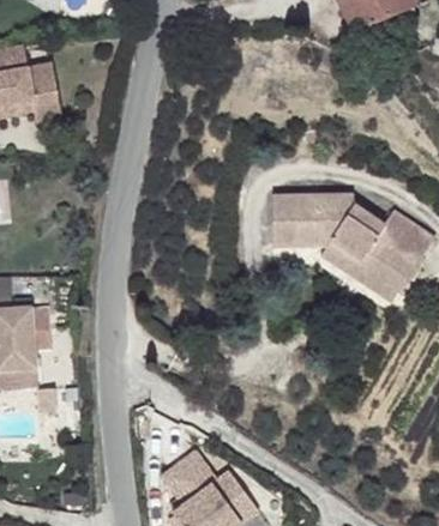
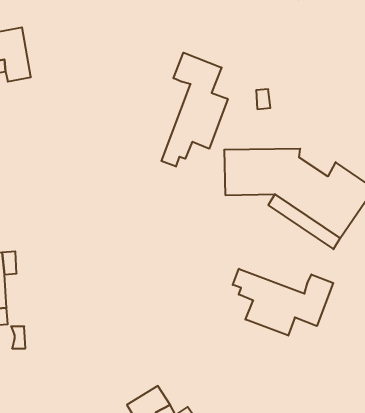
building: none -> [161,53,228,167]
building: none -> [233,269,333,336]

